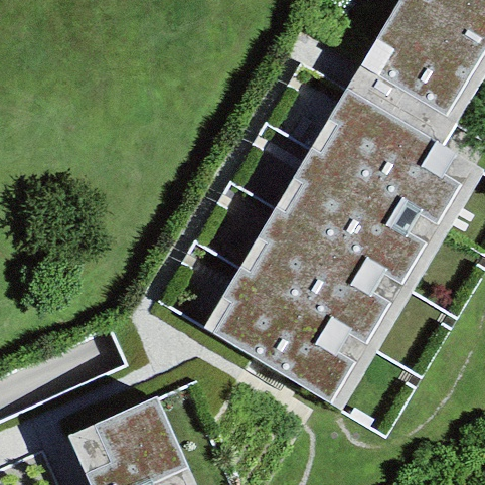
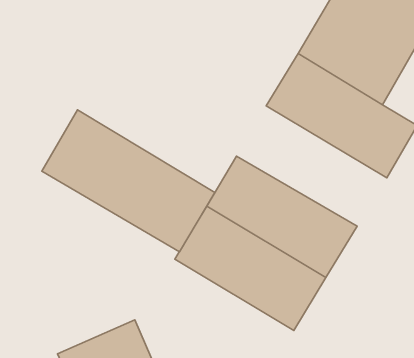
building: [275,149,449,289] -> none
building: none -> [42,110,215,252]

